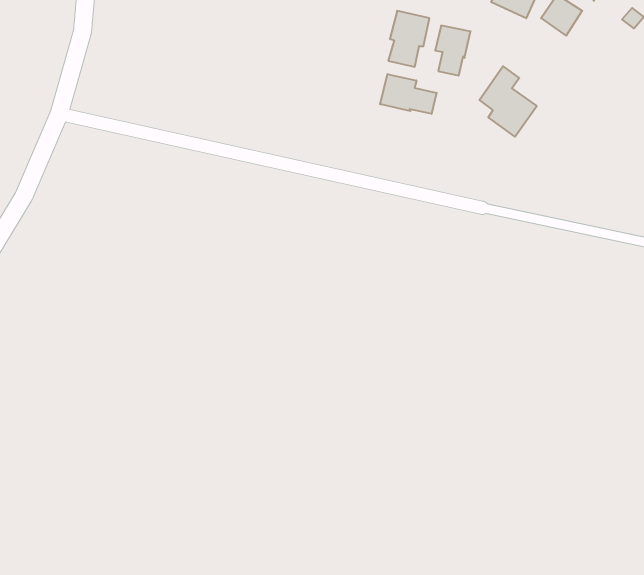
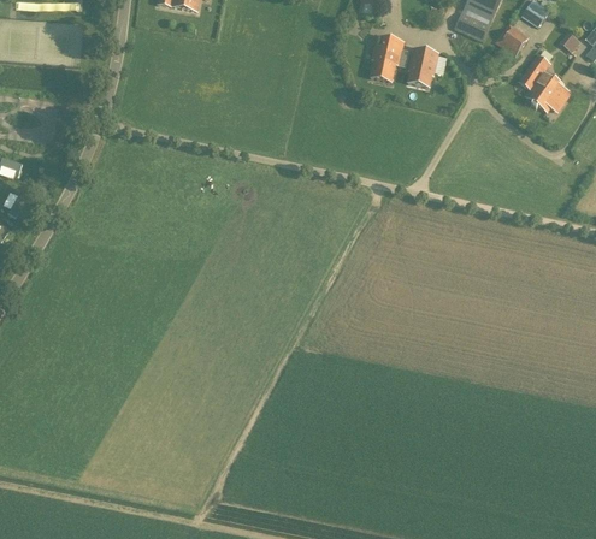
building: [479,66,537,137] -> [519,53,566,111]
building: [380,74,437,114] -> none

